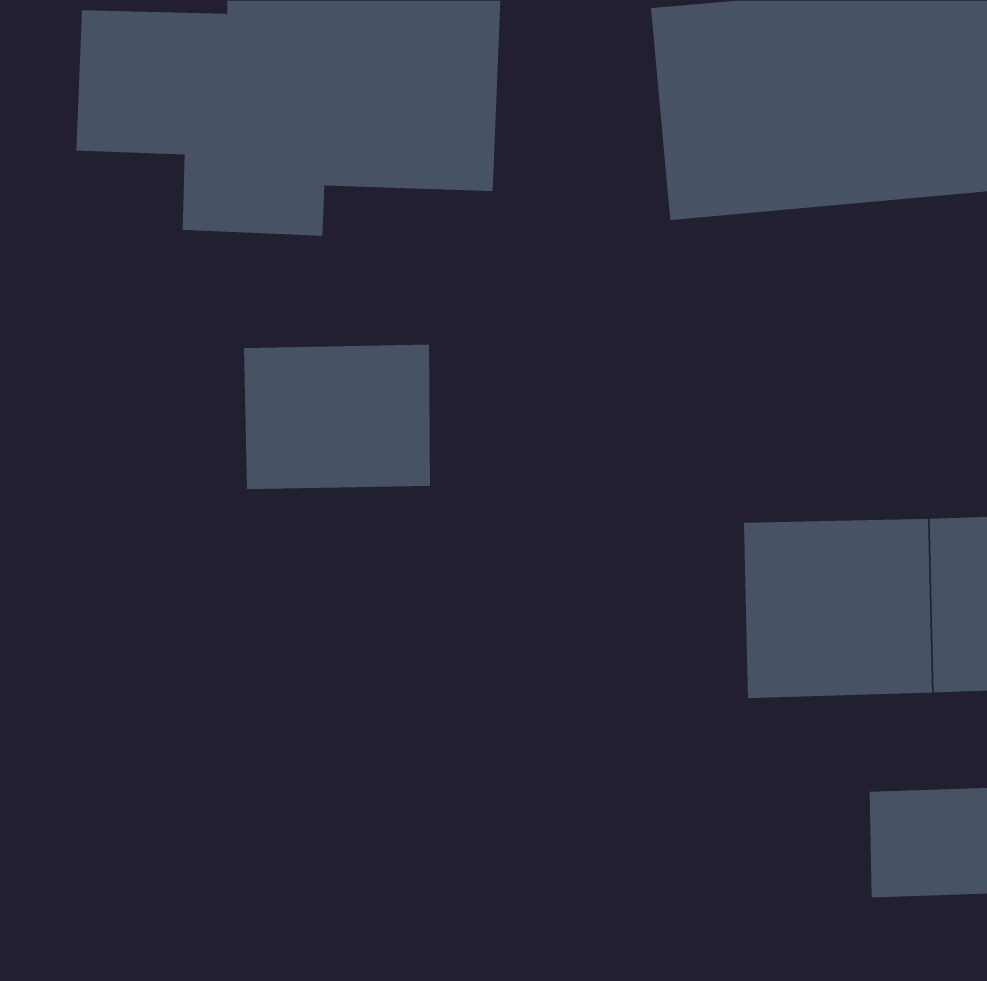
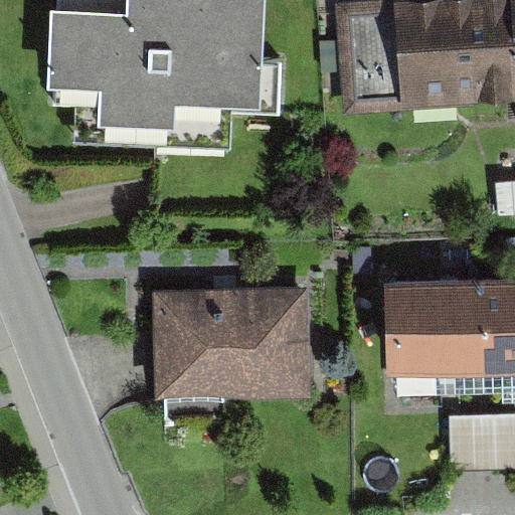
building: [244,344,430,490] -> none
building: none -> [157,286,318,399]

